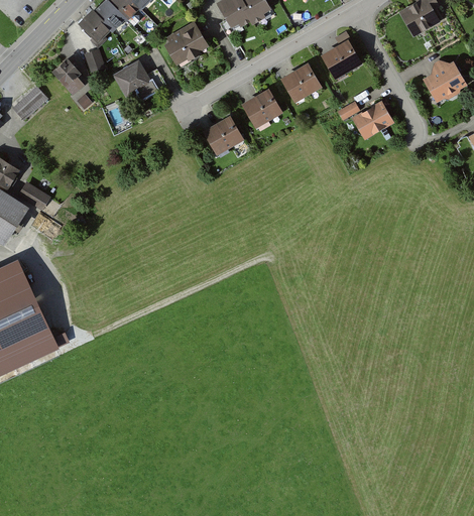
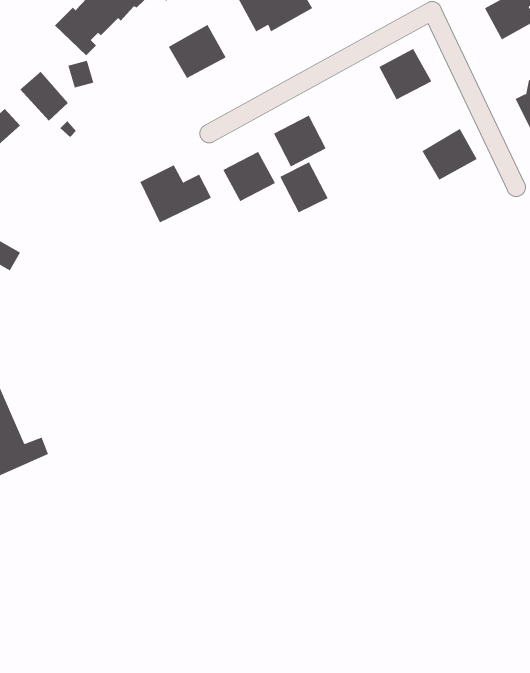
building: [115,59,169,104] -> [140,165,212,223]
building: [279,63,320,102] -> none
building: none -> [279,162,328,213]

